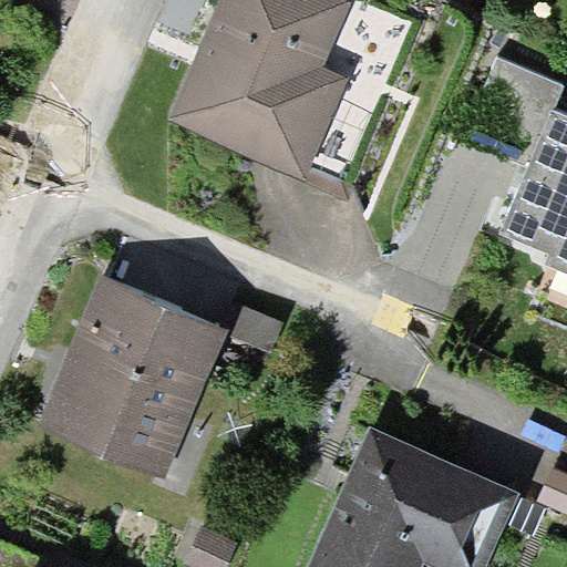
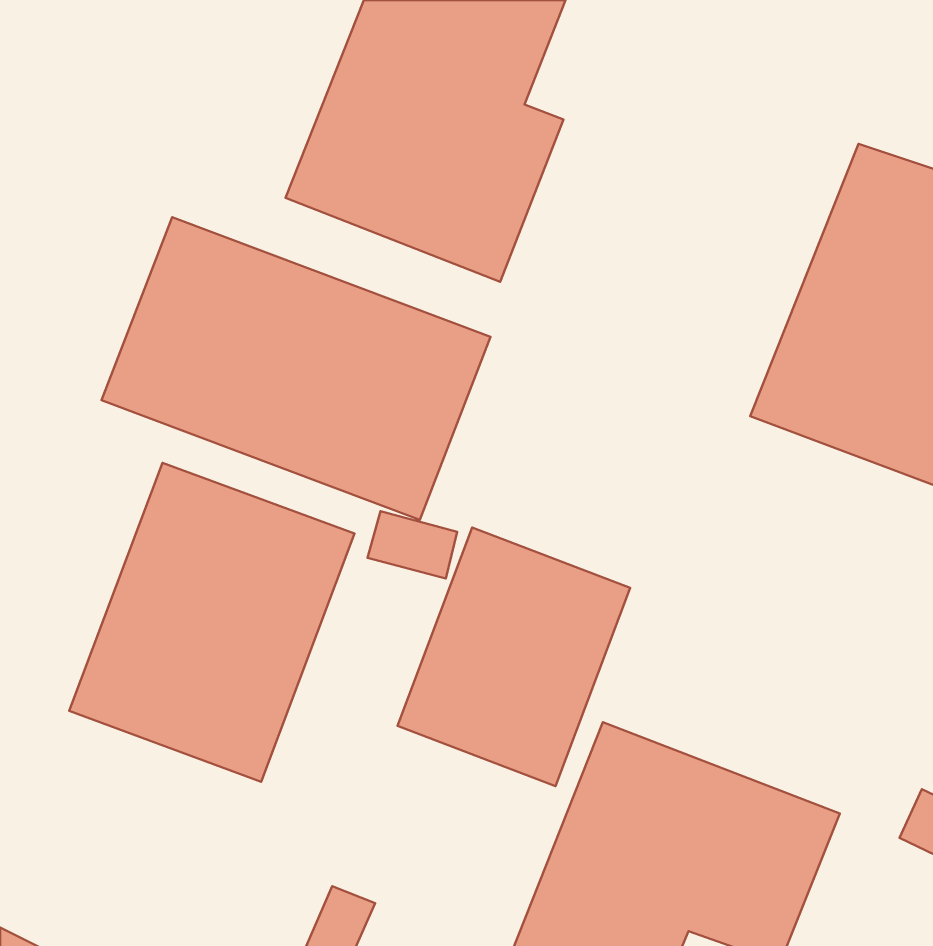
building: none -> [101,217,490,520]
building: none -> [397,527,630,786]

